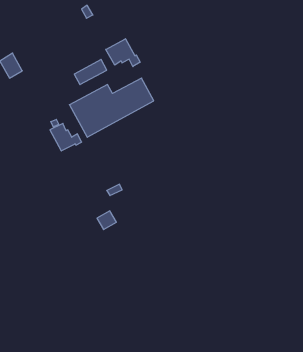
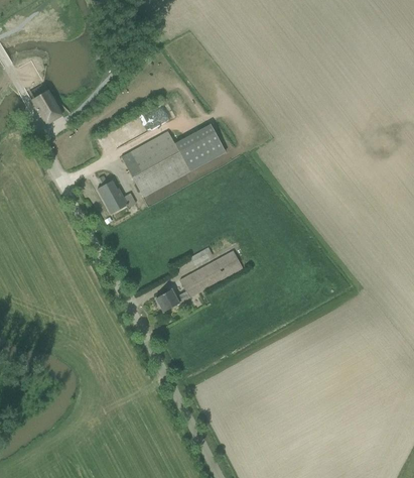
building: [106,39,140,67] -> none
building: none -> [180,249,244,295]

